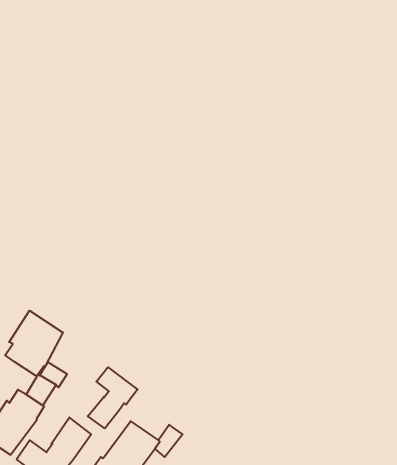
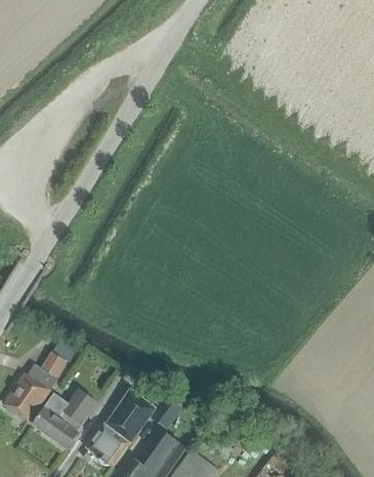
building: [5,311,63,376] -> none
building: [88,367,138,428] -> none

